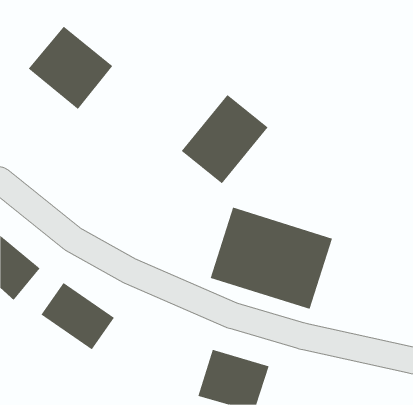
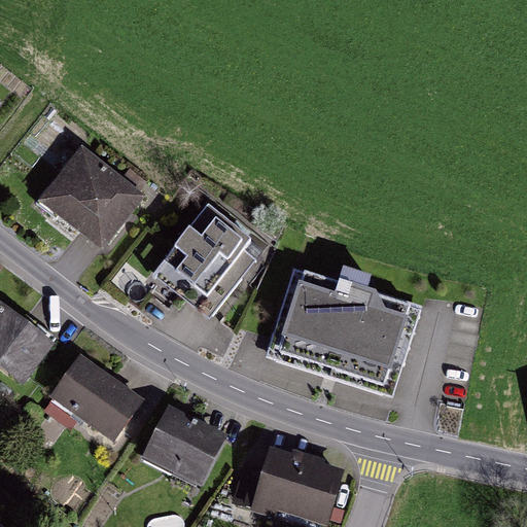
building: [28,26,113,110] -> [38,145,146,252]
building: [181,94,268,184] -> [149,199,260,313]
building: none -> [143,405,224,479]

